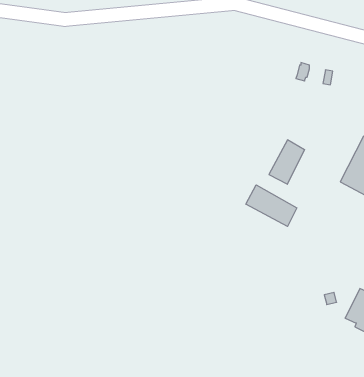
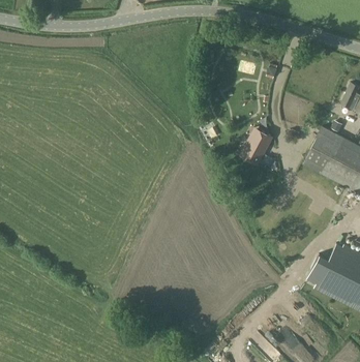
building: [246,185,297,226] -> none

